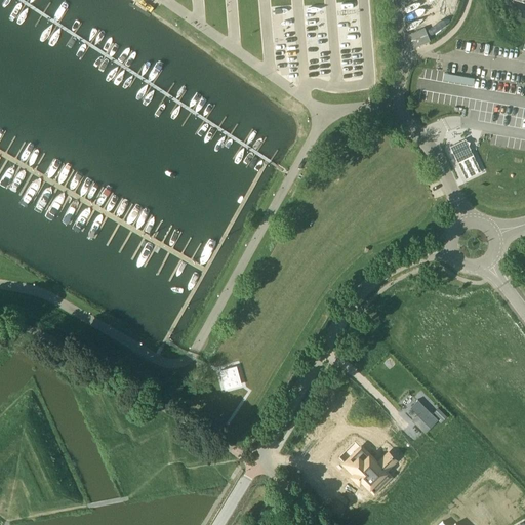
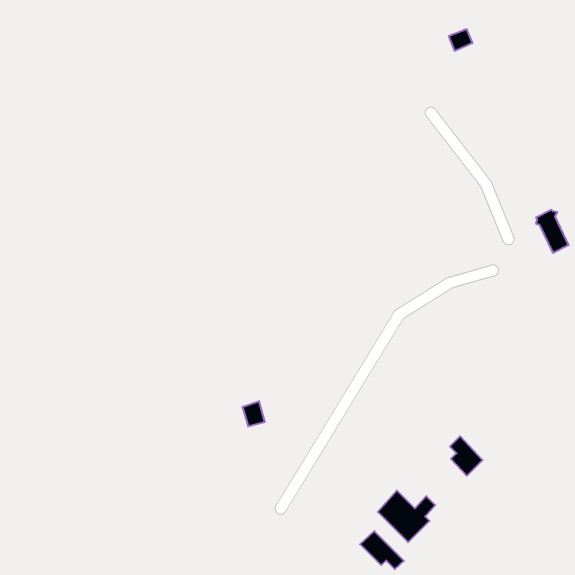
building: [451,138,481,177] -> [536,210,569,253]
building: none -> [360,531,404,569]

